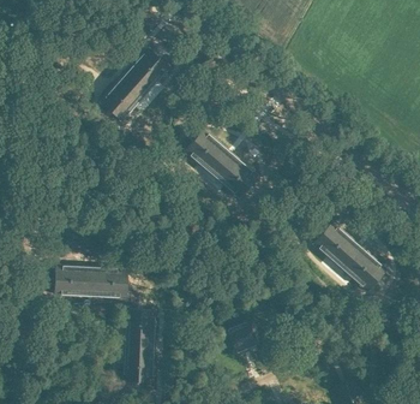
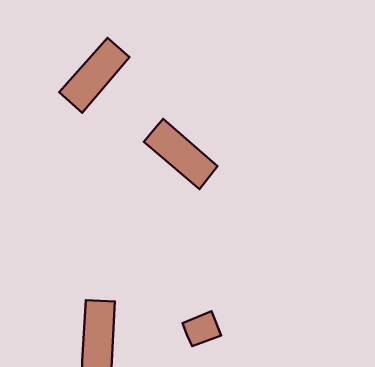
building: [313,222,388,291] -> none
building: [55,266,128,298] -> none

